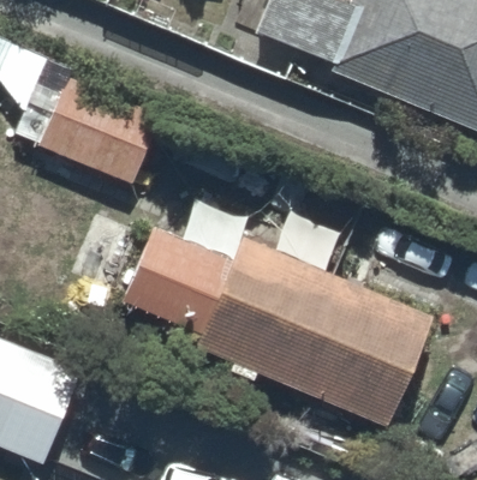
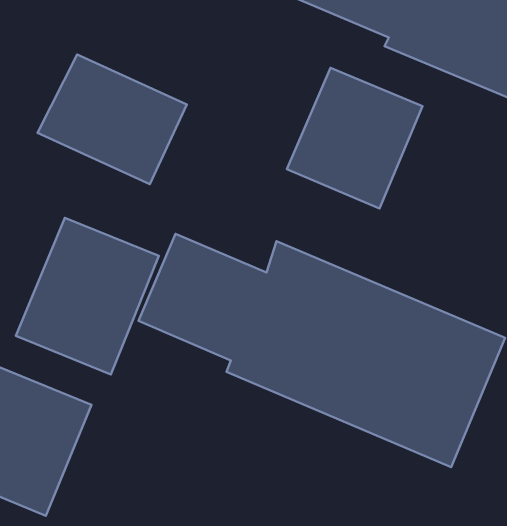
building: none -> [287,68,423,208]
building: none -> [16,218,159,375]

